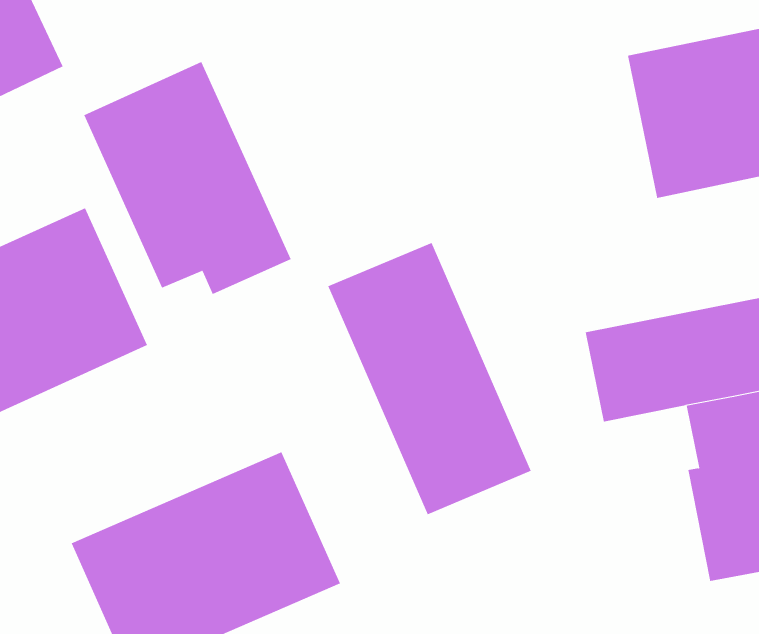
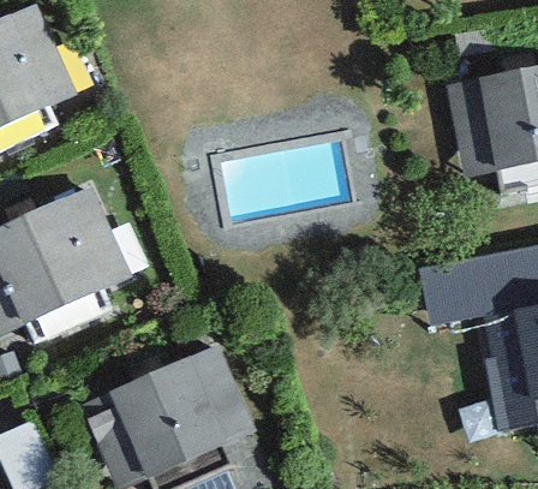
building: [83,61,291,295] -> none
building: [328,242,532,515] -> none

